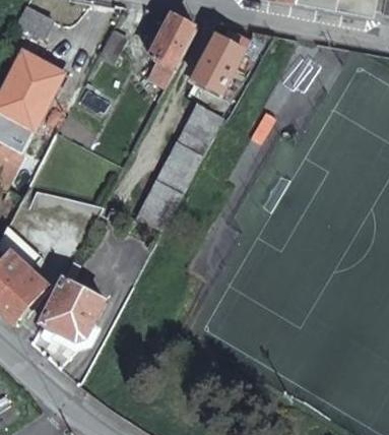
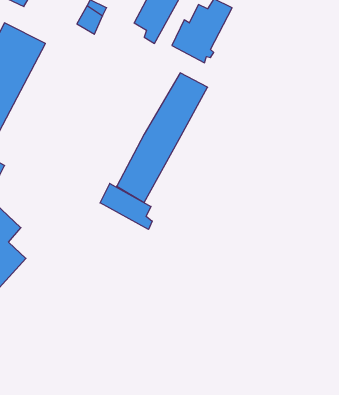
building: none -> [100,183,152,229]
building: [40,279,103,341] -> none

